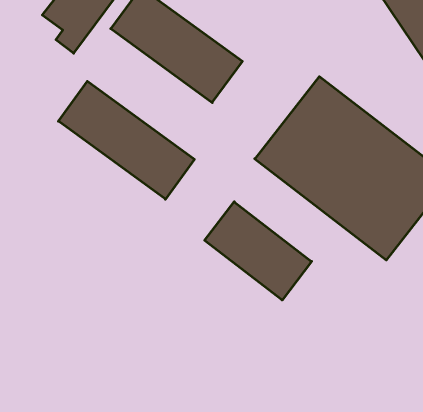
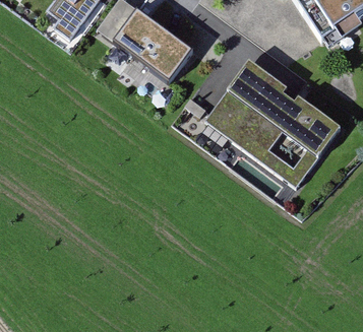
building: [58,81,194,199] -> none
building: [205,202,312,300] -> none

